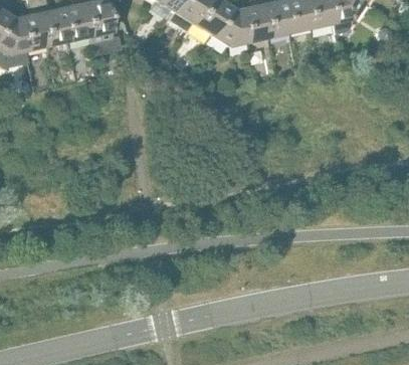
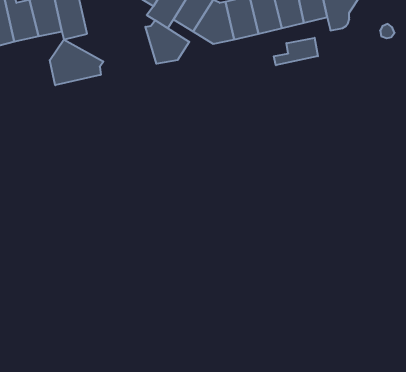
building: none -> [145,20,189,64]
building: none -> [274,38,318,65]
building: none -> [50,39,103,85]

